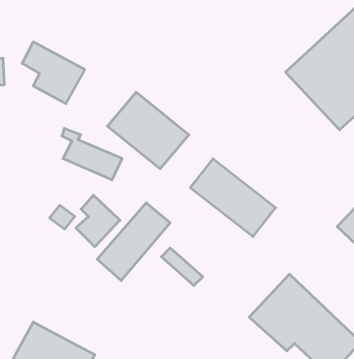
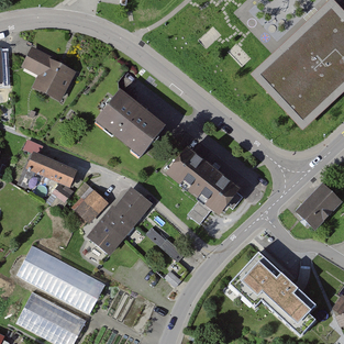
building: [62,128,122,180] -> [25,143,78,188]
building: none -> [14,243,104,312]

